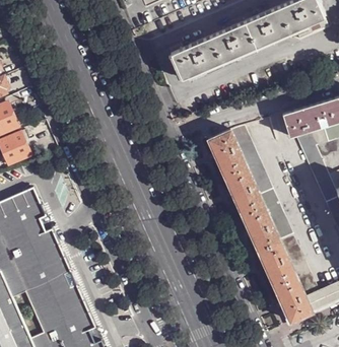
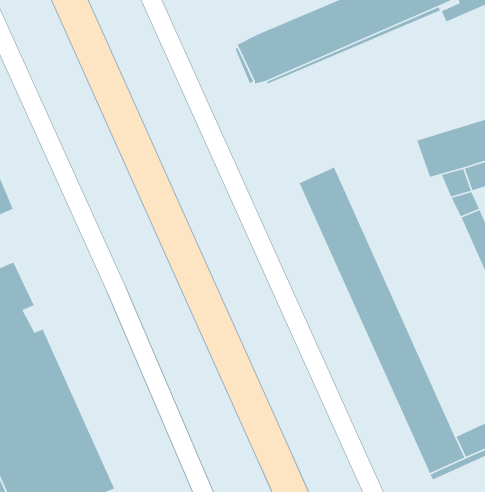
building: [229,125,318,296] -> none

